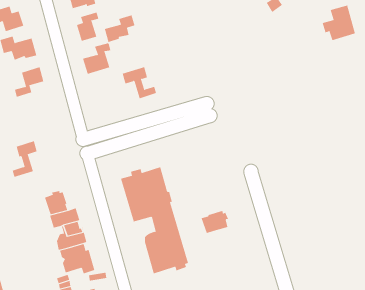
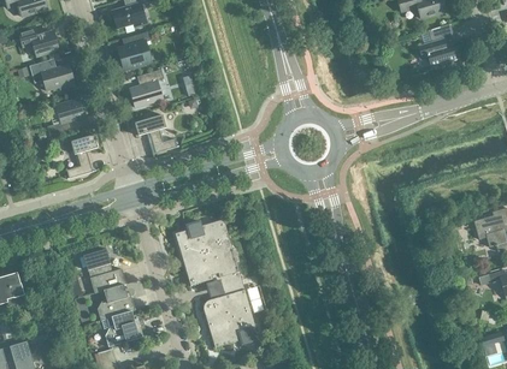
building: [104,15,135,43] -> none
building: [122,66,157,99] -> [135,113,177,153]
building: [12,141,38,178] -> [66,133,98,178]
building: [201,210,229,234] -> none

